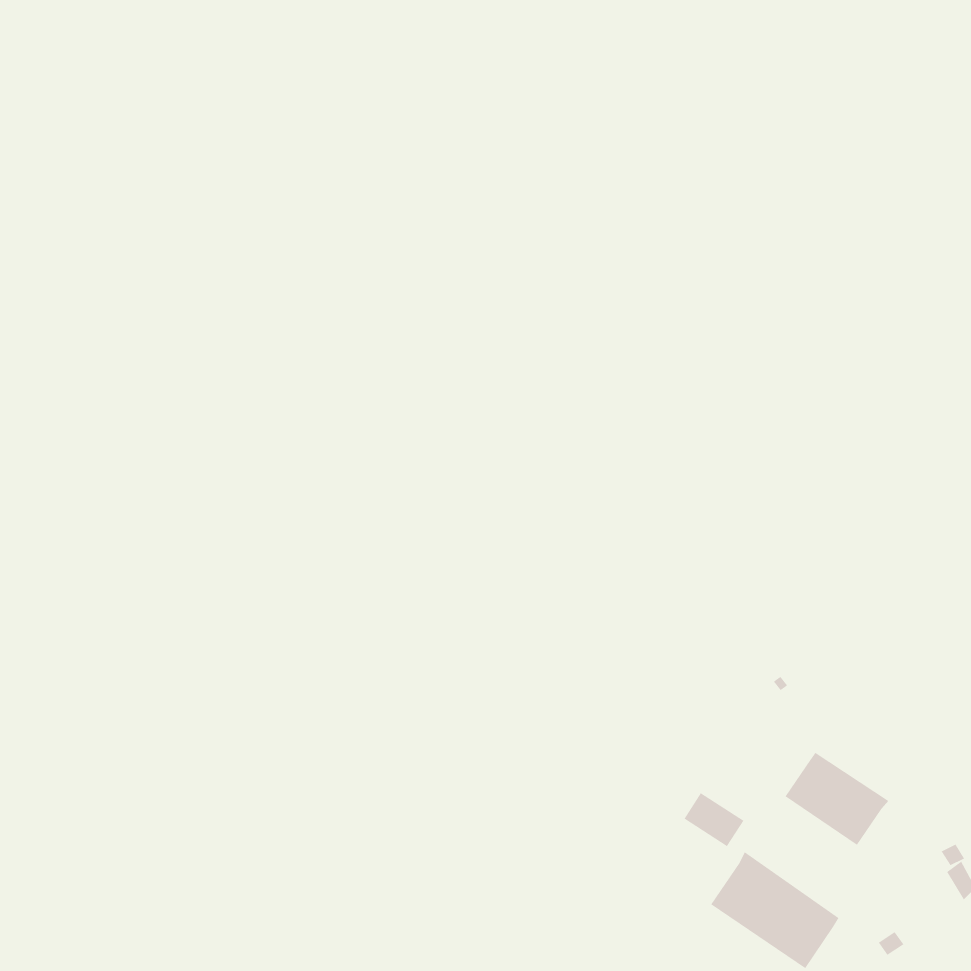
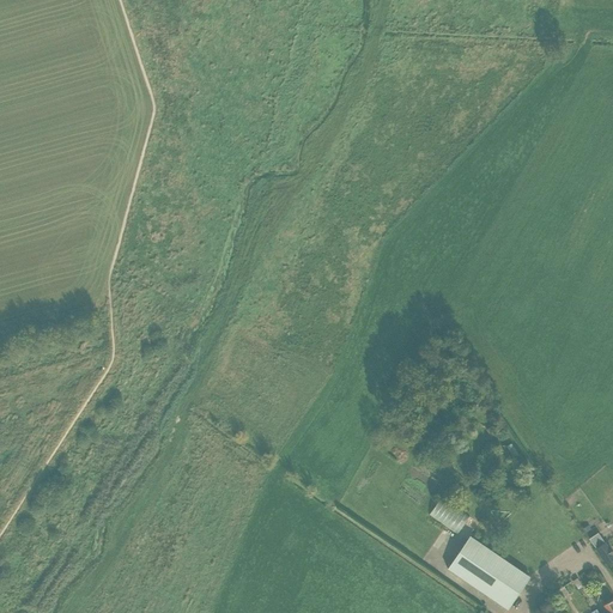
building: [785,752,890,846] -> none

